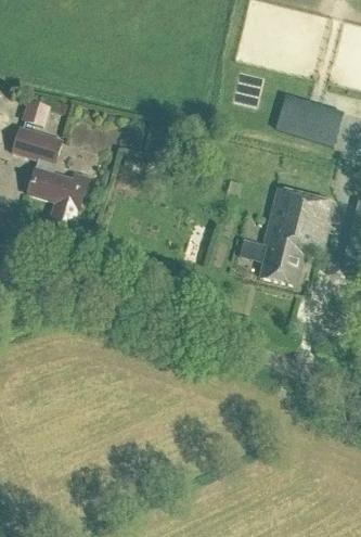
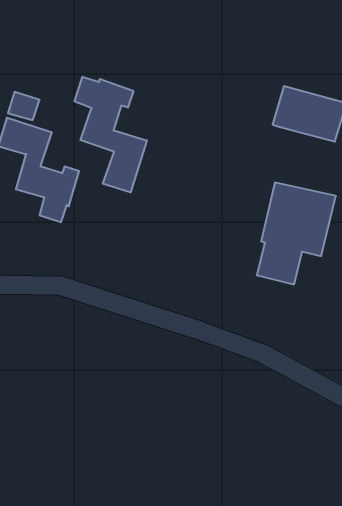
building: none -> [75,77,147,193]

